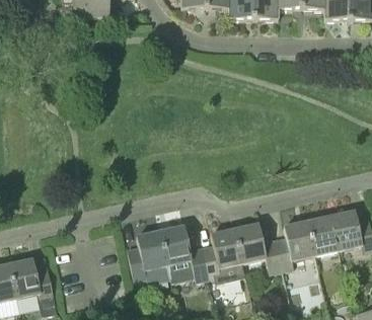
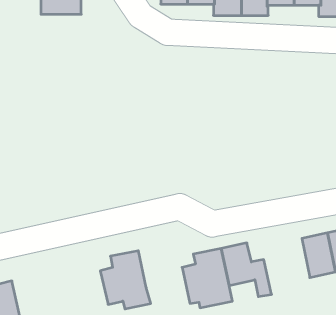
building: [274,221,315,271] -> none
building: [160,227,207,283] -> none

